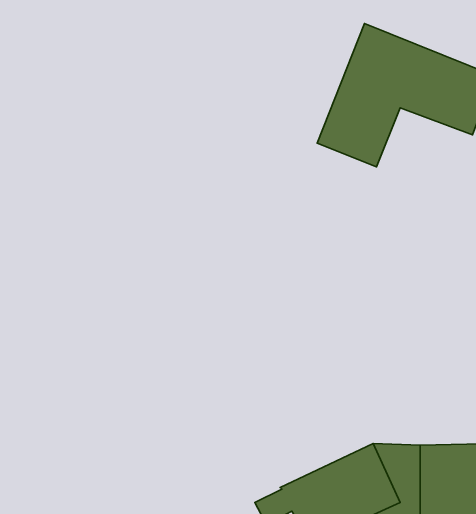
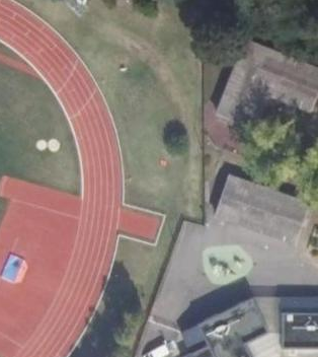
building: none -> [216,177,309,242]

